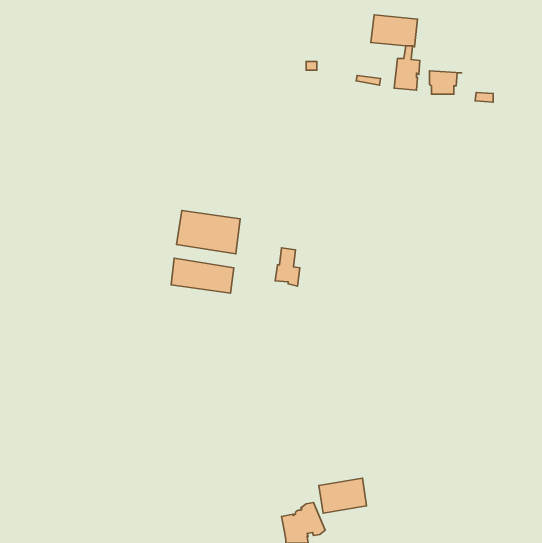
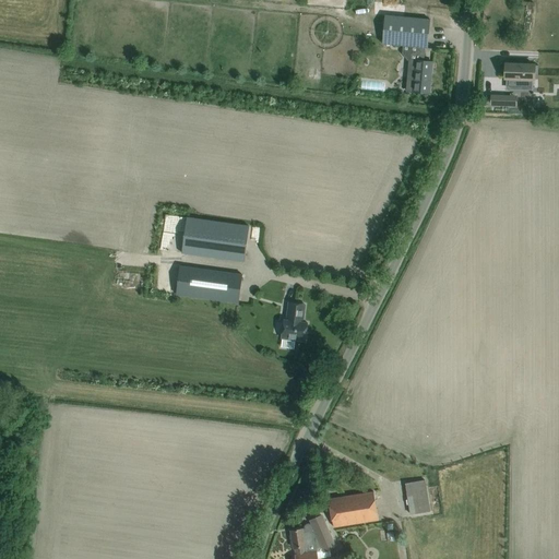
building: [430,71,461,94] -> [504,63,537,87]
building: [275,248,300,286] -> [281,302,306,342]
building: none -> [404,480,428,514]

